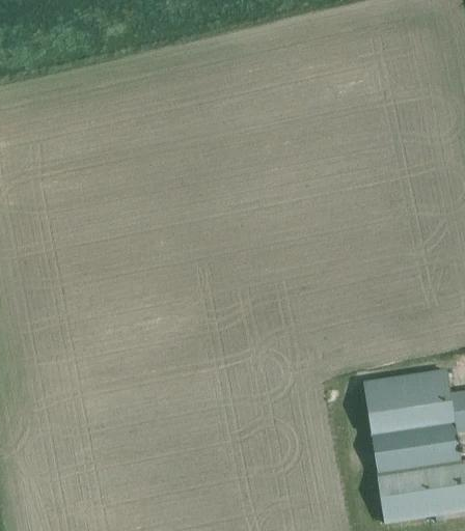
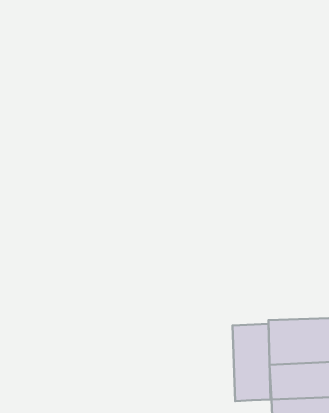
building: none -> [233,324,270,401]

